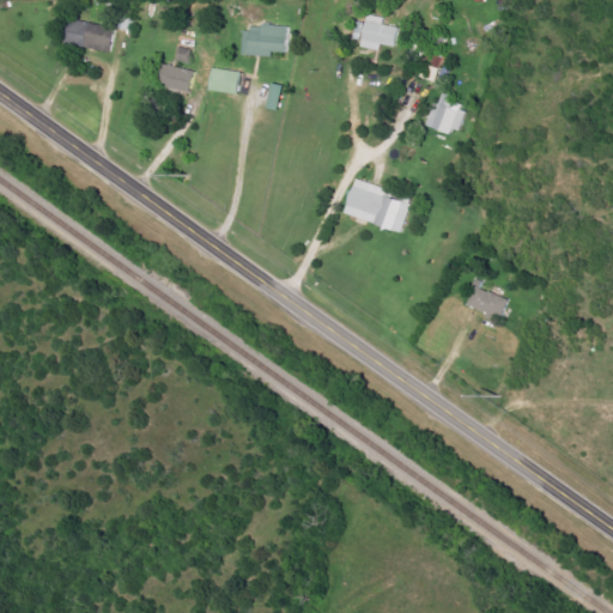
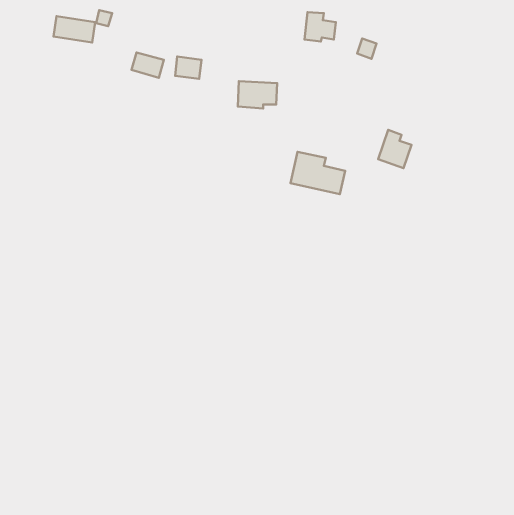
building: [241,24,287,56] -> [238,81,277,108]
building: [426,90,466,135] -> [378,130,412,168]
building: [466,286,506,318] -> none

